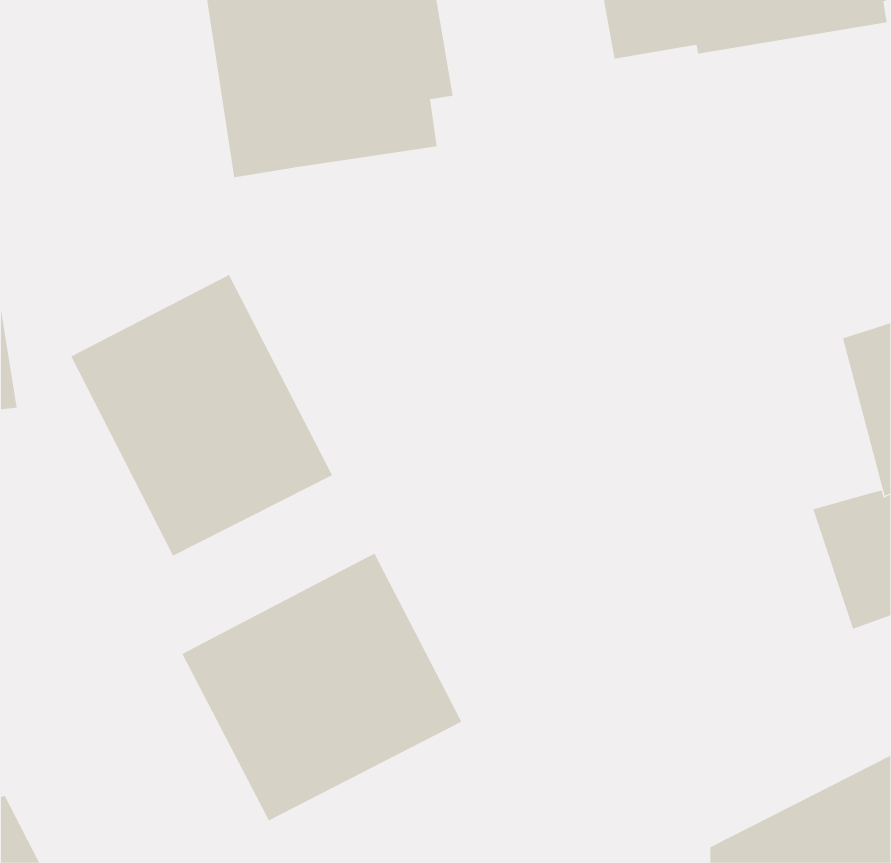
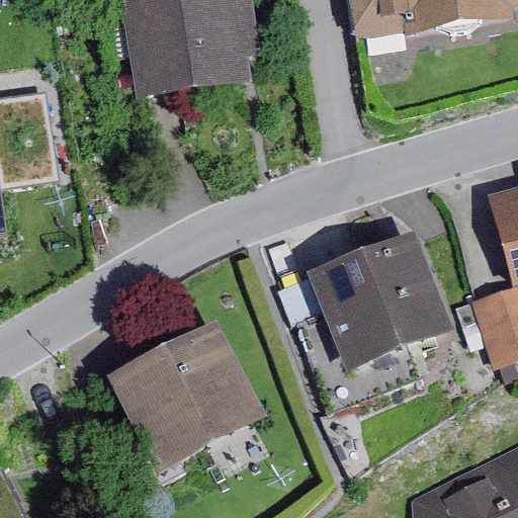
building: [71,274,333,556] -> none
building: none -> [295,232,457,403]

